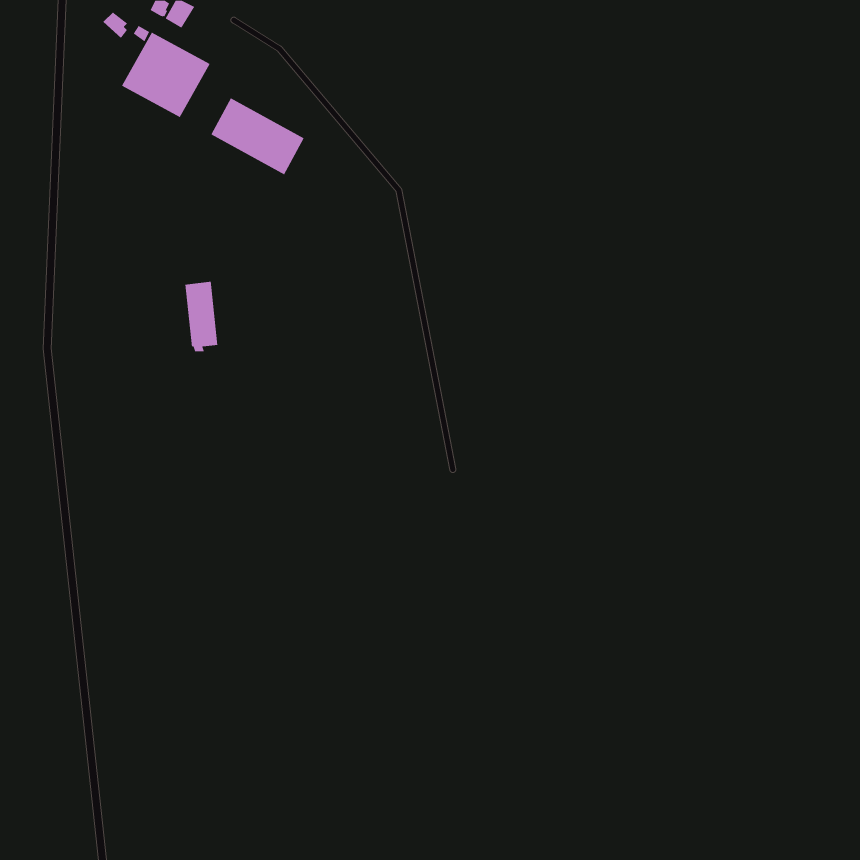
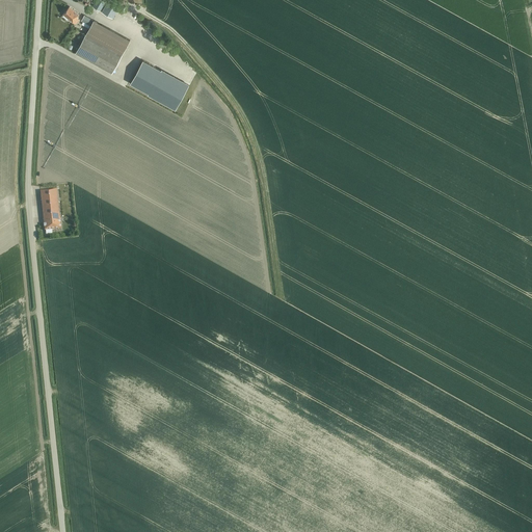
building: [185,281,218,352] -> [41,190,61,234]

